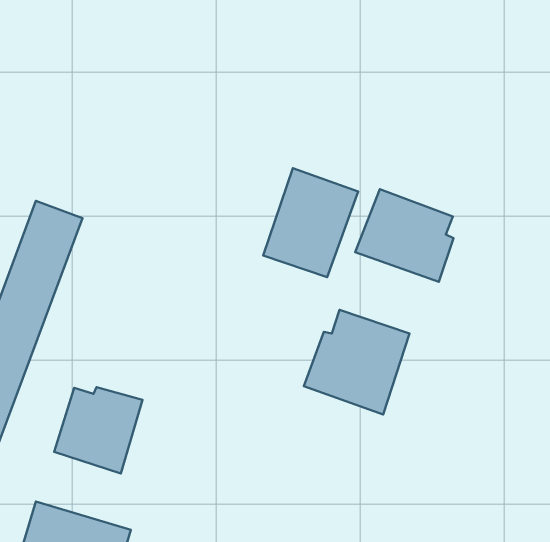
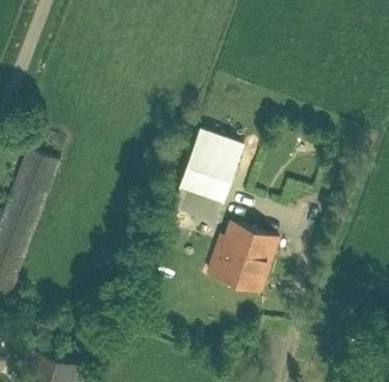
building: [355,189,453,282] -> none
building: [54,387,142,473] -> none

